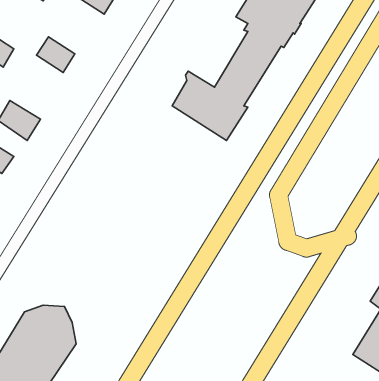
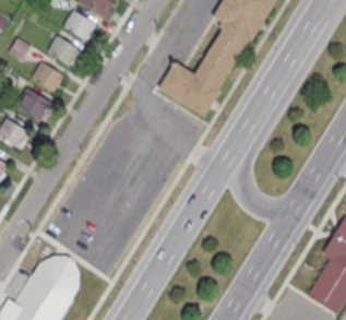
building: none -> [64,10,96,39]
building: none -> [32,62,63,92]

